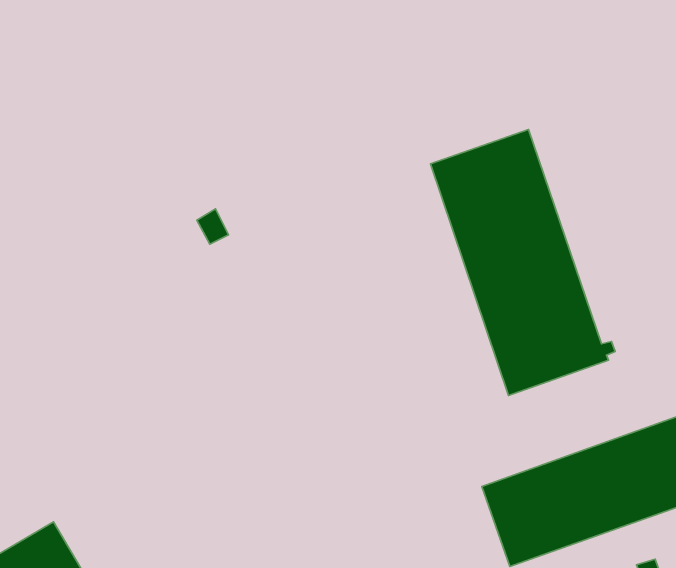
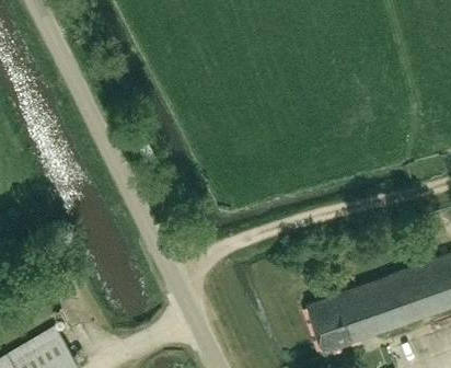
building: [431,130,615,396] -> none

